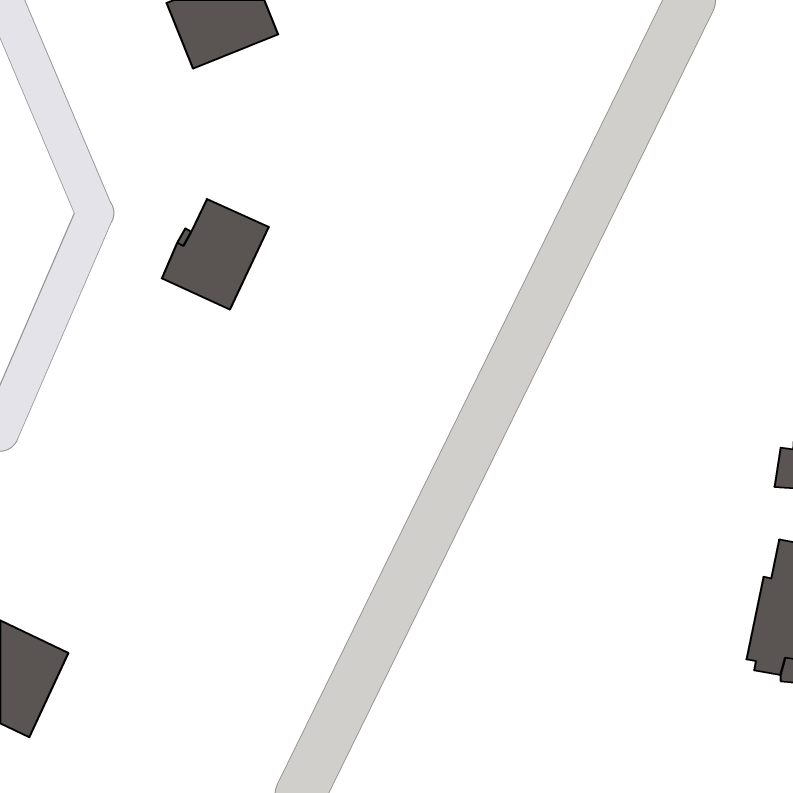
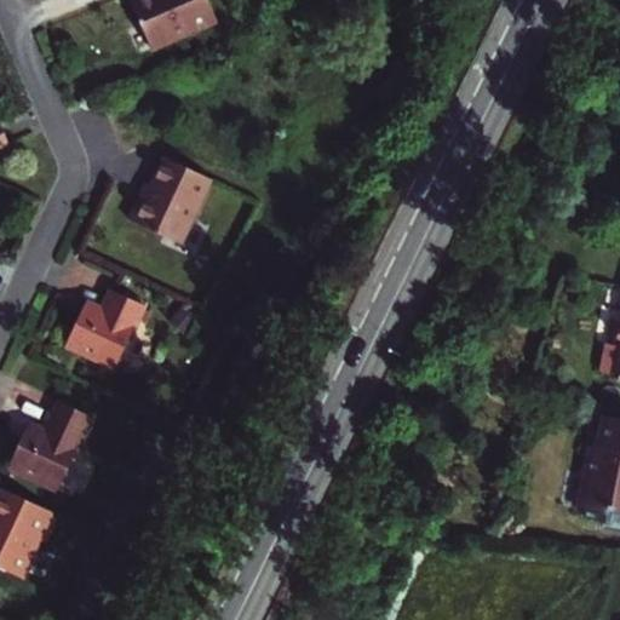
building: none -> [65,288,144,367]
building: none -> [10,397,93,487]

